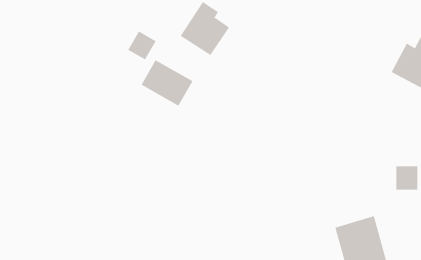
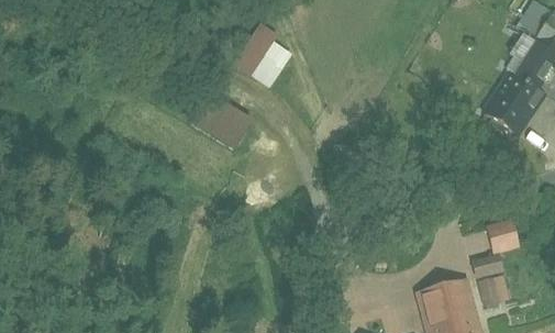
building: [128,31,156,60] -> none
building: none -> [476,263,507,302]

